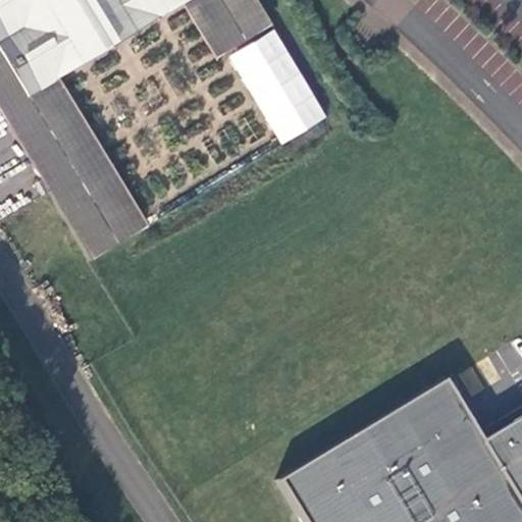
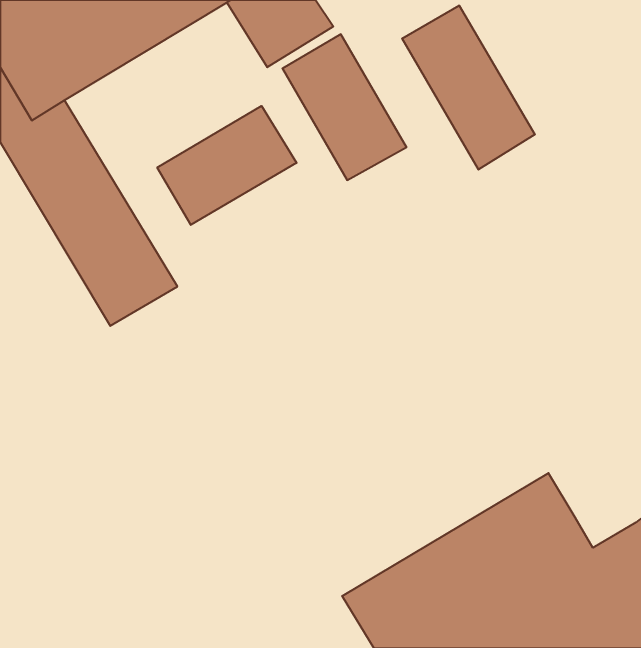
building: none -> [402,5,535,170]
building: none -> [157,106,297,225]

